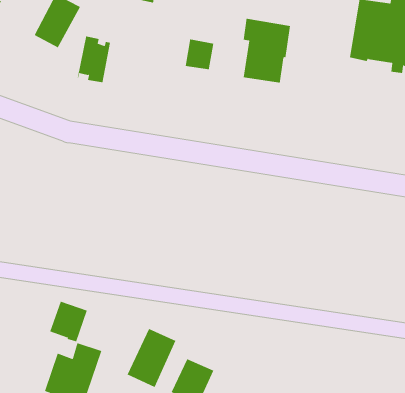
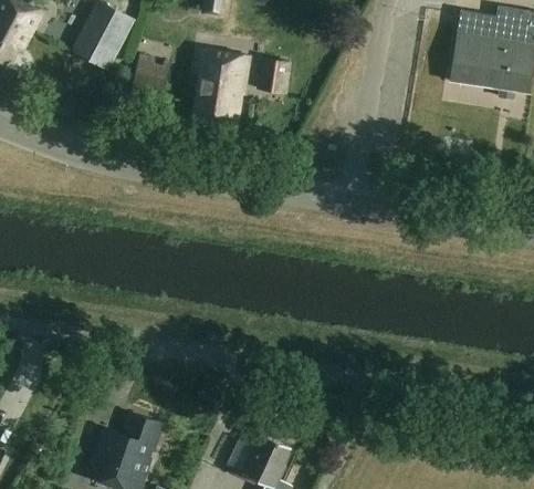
building: [243,18,291,83] -> [192,48,249,124]
building: [49,301,87,342] -> none
building: [127,328,176,388] -> none

